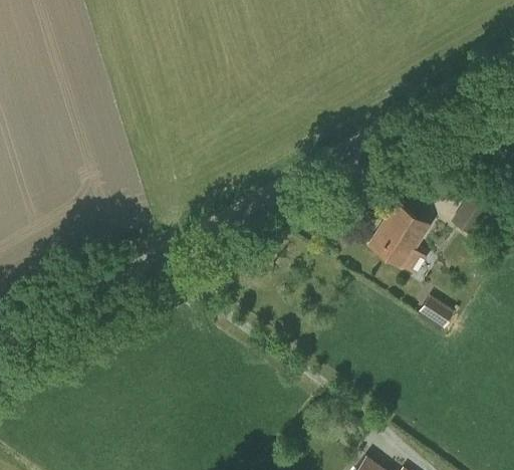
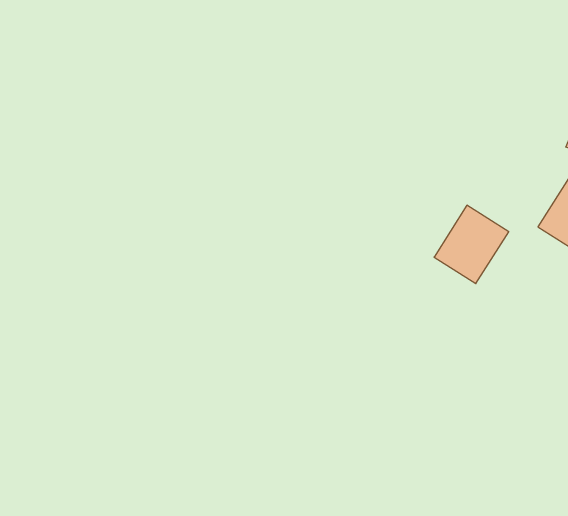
building: [420,296,455,328] -> none

